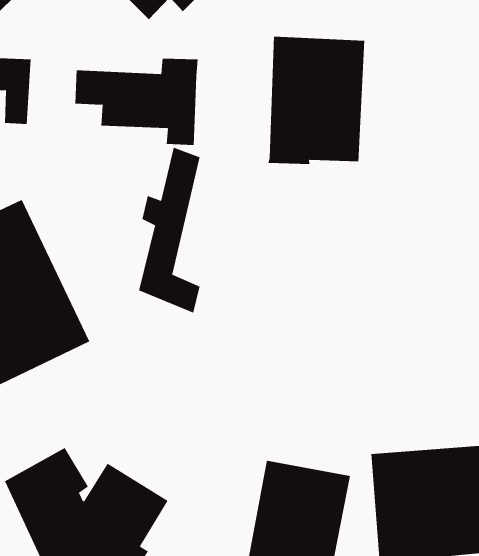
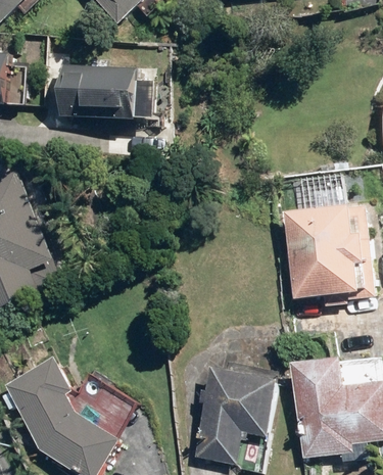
building: [268,36,365,165] -> none
building: [138,147,200,313] -> none
building: none -> [284,206,370,306]

